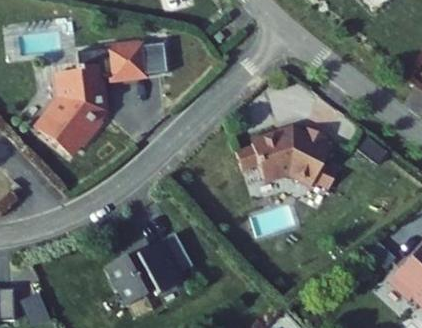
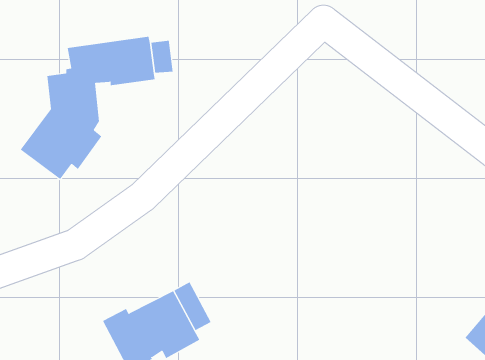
building: [235,128,337,188] -> none

